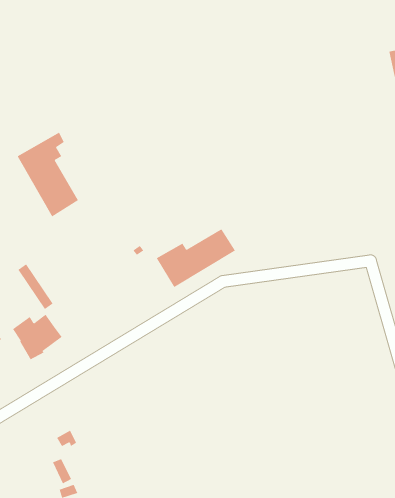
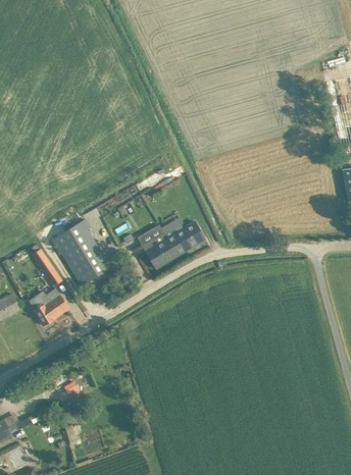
building: [17,132,79,217] -> [53,218,102,285]

